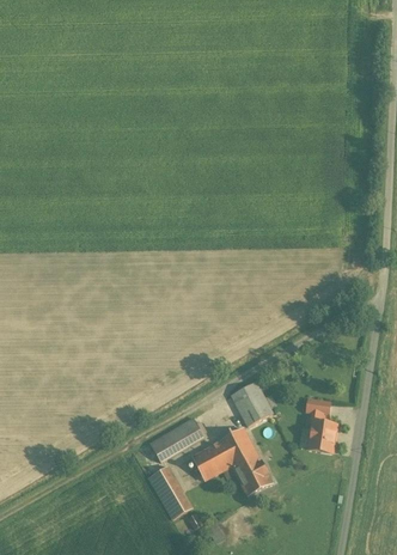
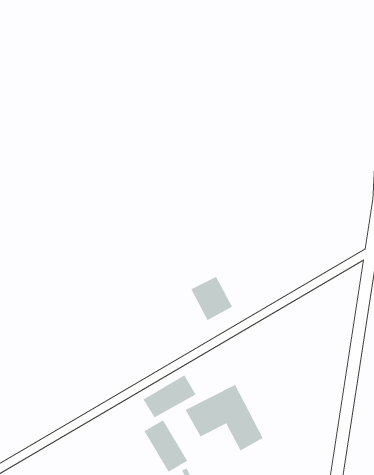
building: [228,382,271,427] -> [191,276,233,321]
building: [304,386,340,443] -> none

